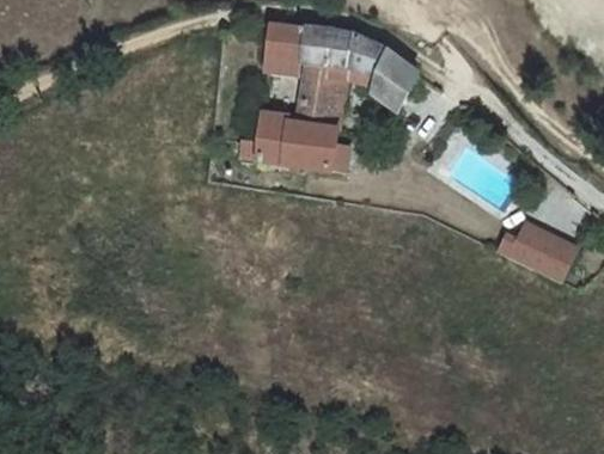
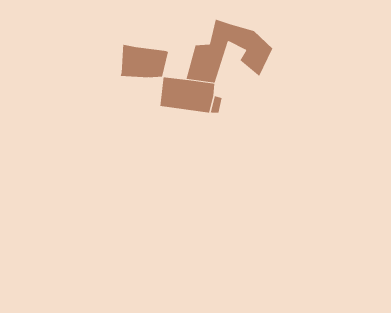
building: [266,20,335,68] -> [120,44,169,78]
building: [498,221,579,283] -> none

